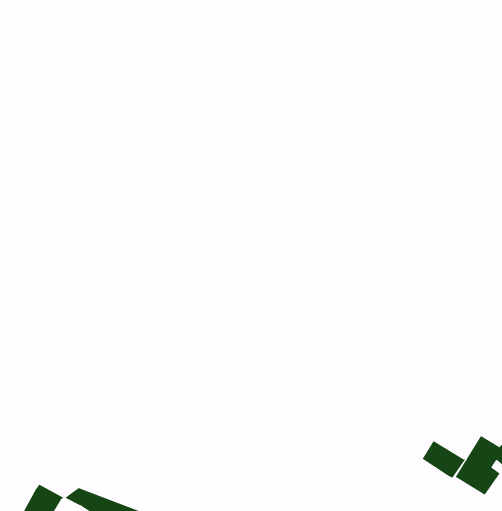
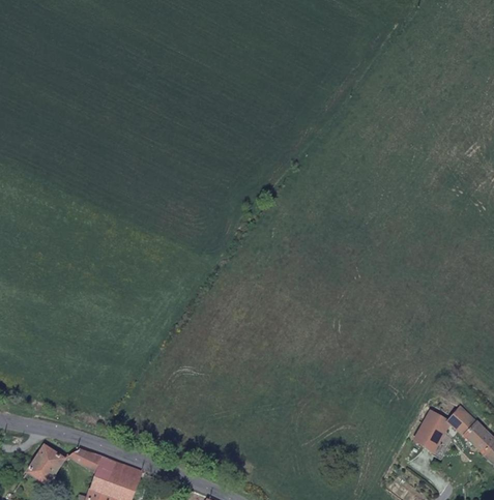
building: [422,440,466,479] -> none

